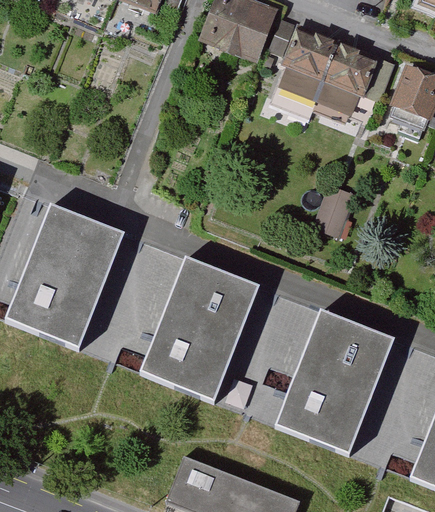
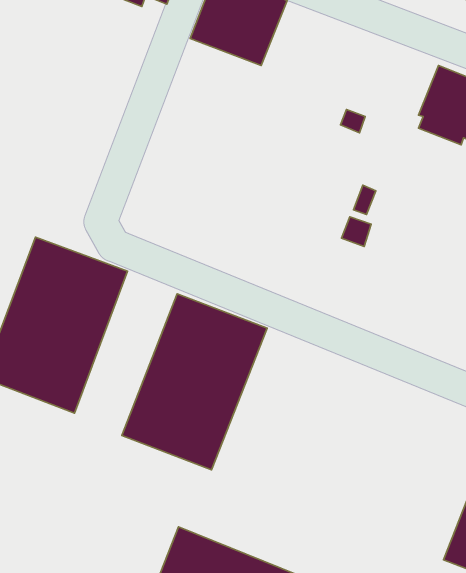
building: [266,16,393,118] -> none
building: [273,309,396,458] -> none

